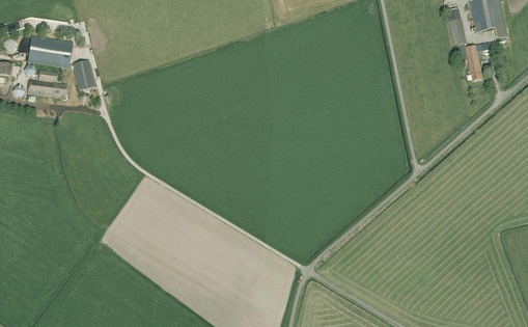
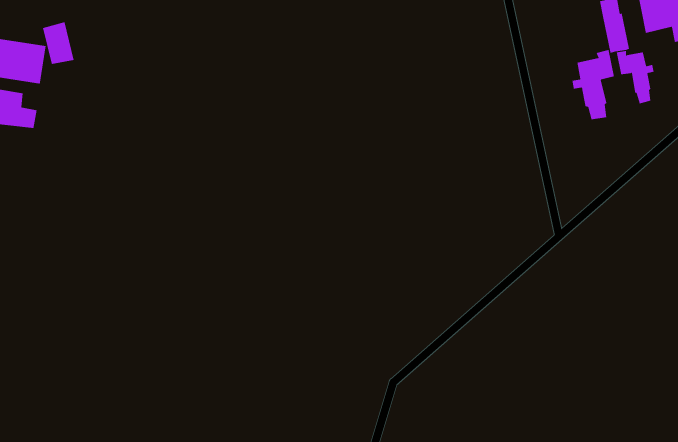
building: none -> [572,49,614,120]
building: [73,60,94,89] -> [42,22,74,65]

